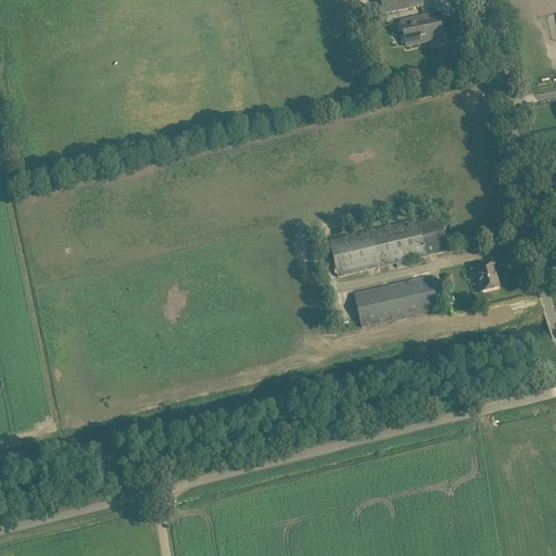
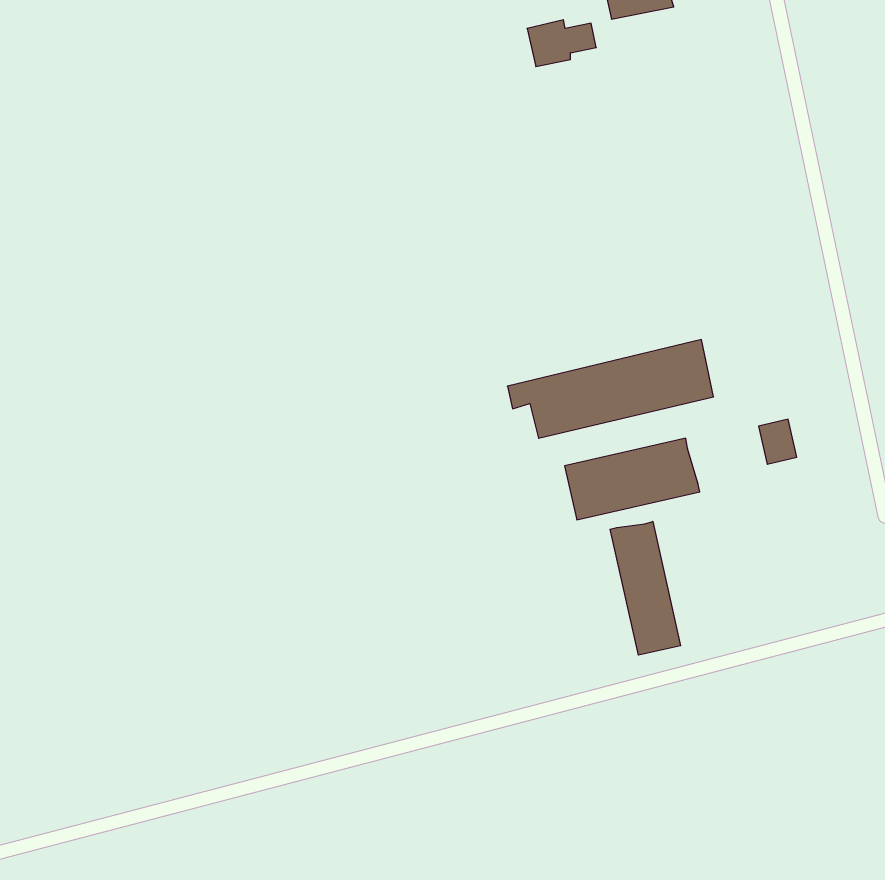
building: [401,14,444,43] -> [527,20,596,67]
building: none -> [610,521,681,655]

